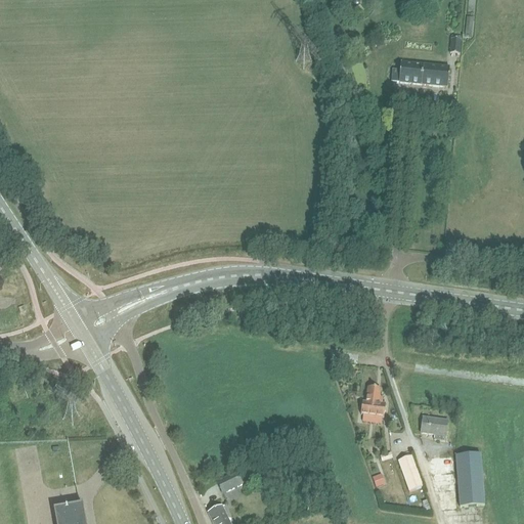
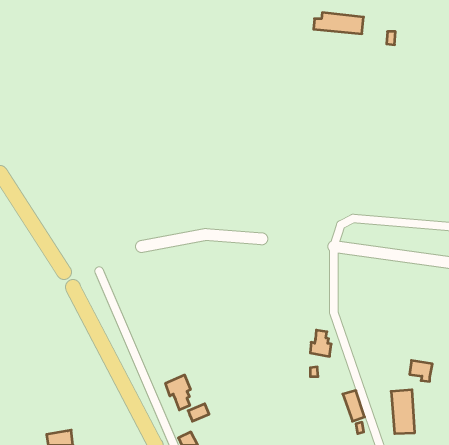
building: [391,60,449,85] -> [314,13,364,34]
building: [423,416,449,440] -> [410,360,432,381]
building: none -> [166,375,190,410]

